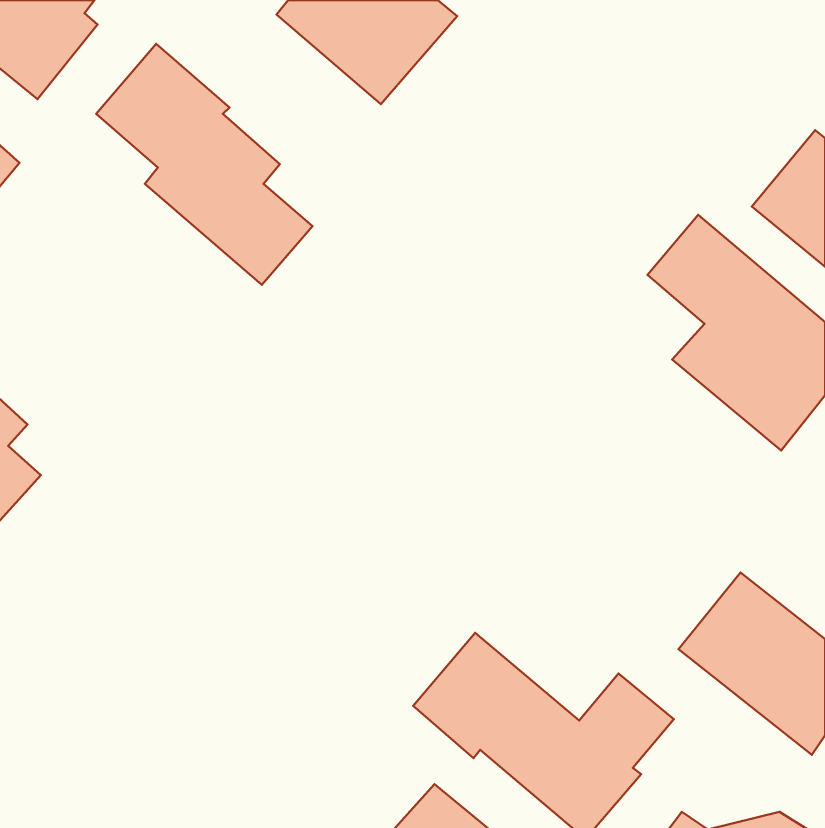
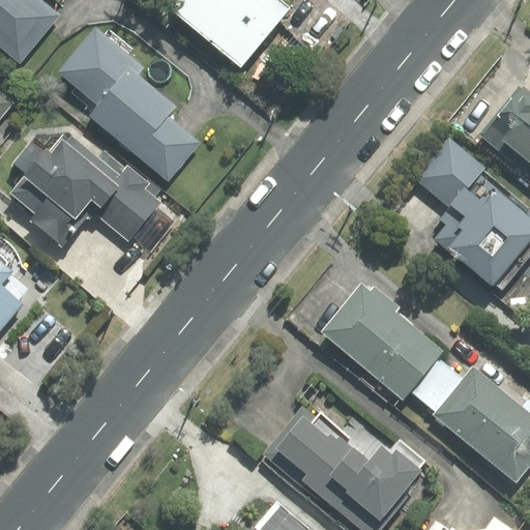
building: none -> [14,135,164,248]
building: none -> [323,283,443,399]

